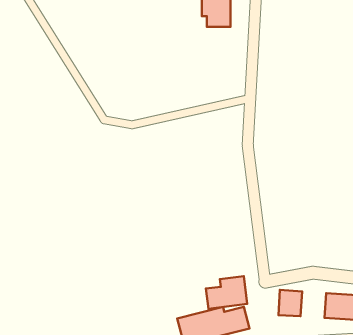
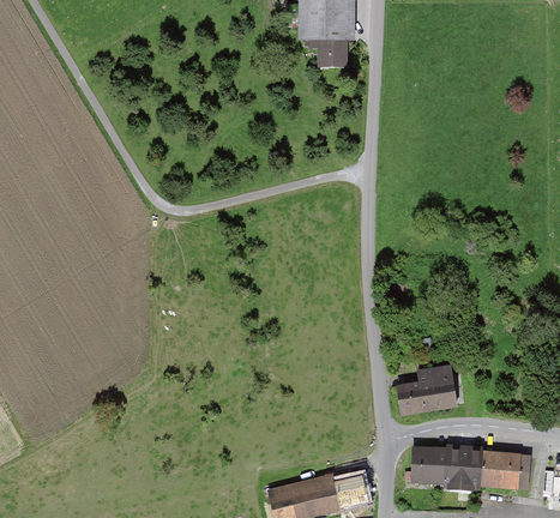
building: [206,276,247,309] -> [397,367,457,415]
building: none -> [445,450,482,488]

